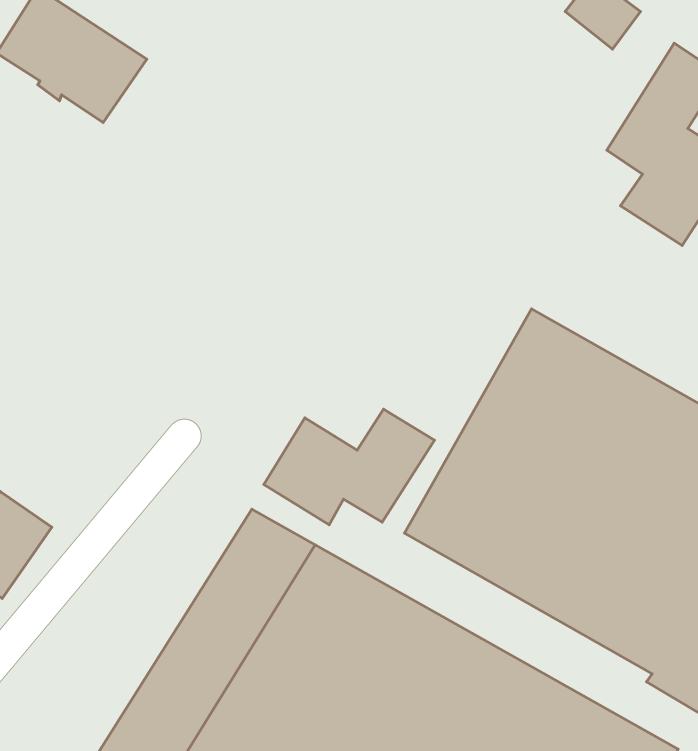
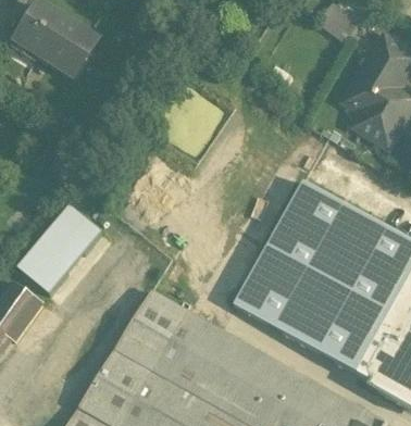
building: none -> [16,204,100,292]
building: [264,409,435,525] -> none

